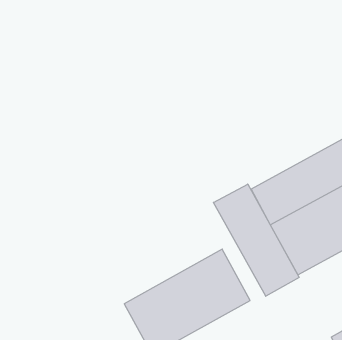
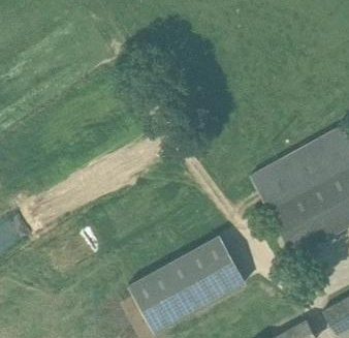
building: [213,184,299,296] -> none

